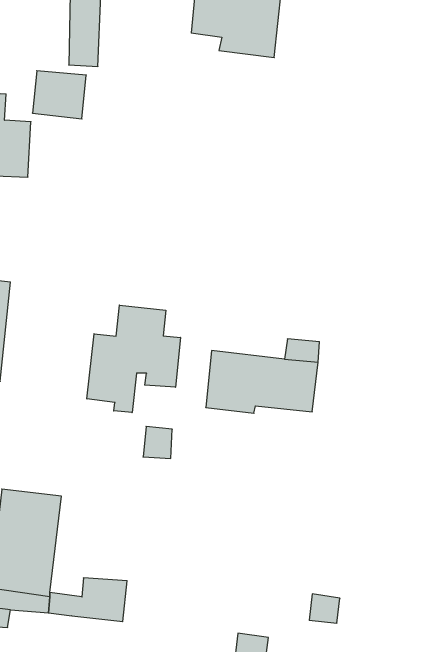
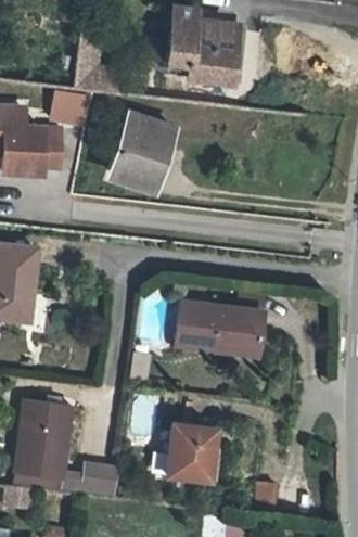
building: none -> [108,118,171,191]
building: [87,305,180,413] -> none
building: none -> [171,427,219,484]

